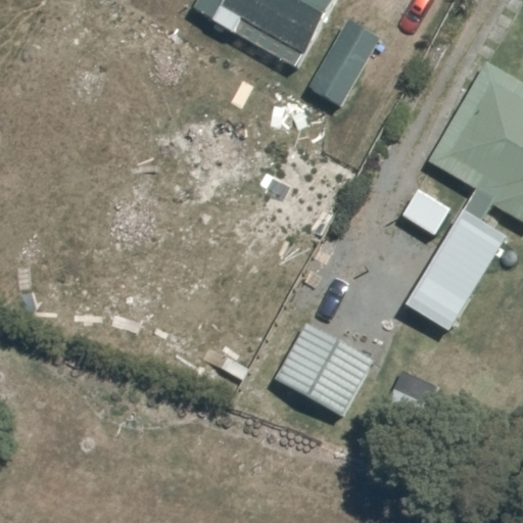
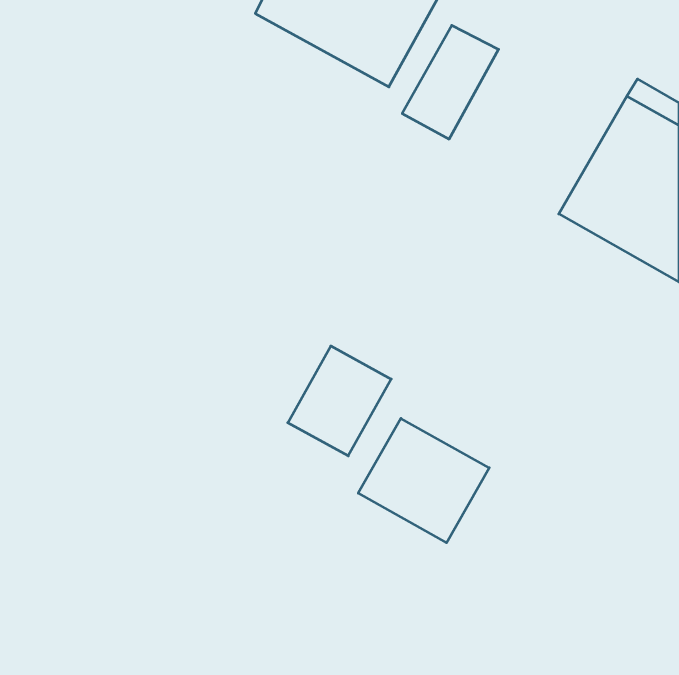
building: [409,208,508,329] -> none
building: none -> [288,346,391,456]

